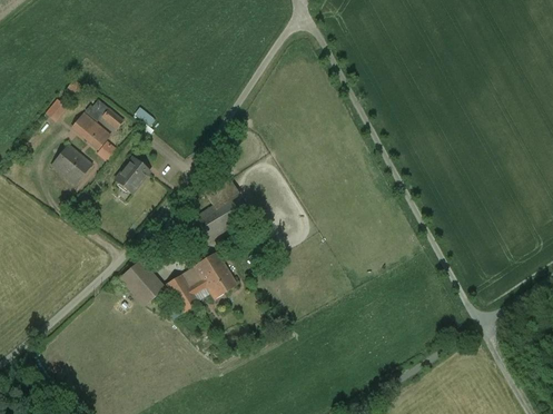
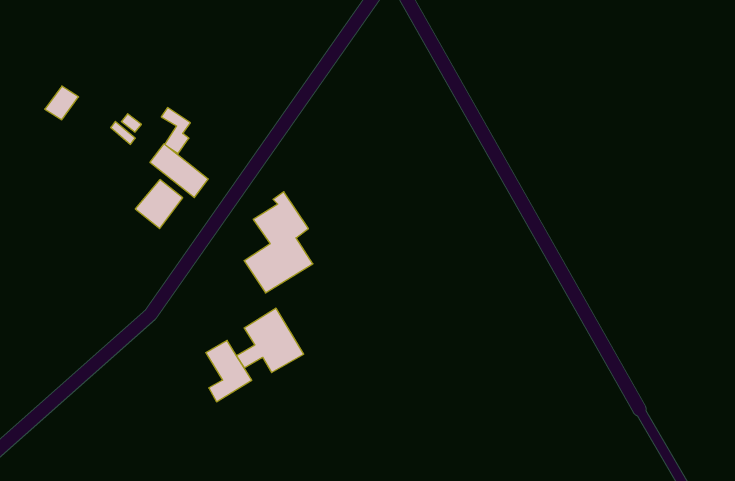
building: [75,116,117,155] -> [150,144,208,198]
building: [52,145,91,184] -> none
building: [120,259,165,306] -> none

